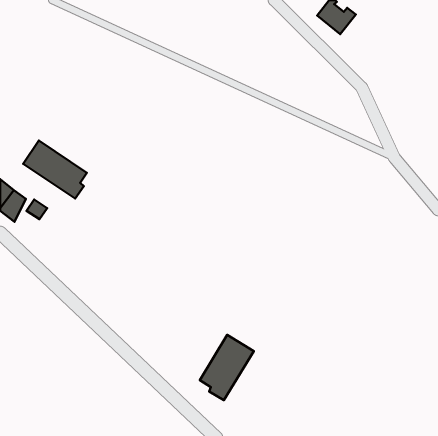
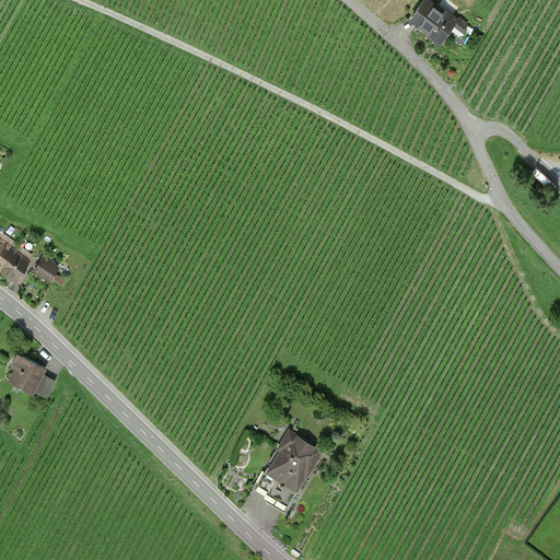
building: [23,141,87,199] -> none
building: none -> [9,352,57,397]

